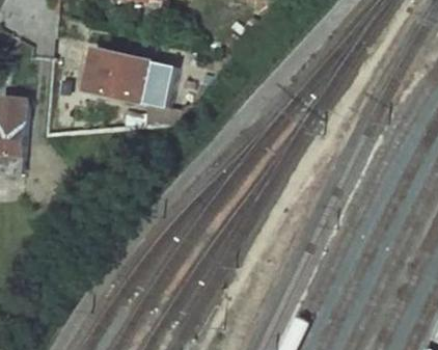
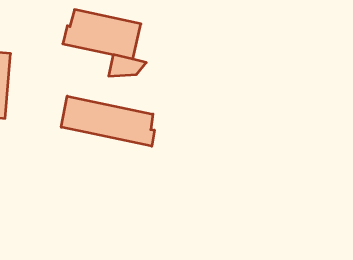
building: none -> [61,96,154,146]

